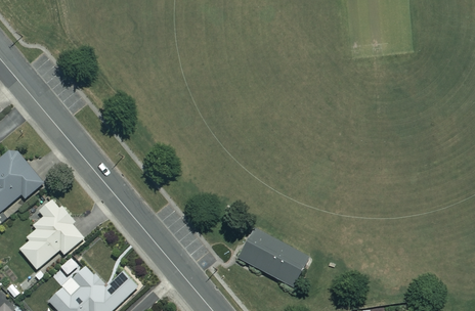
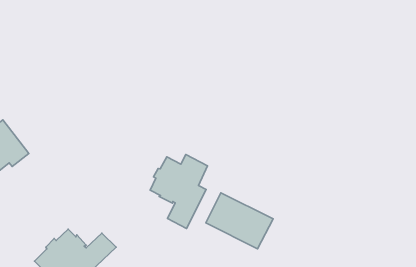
building: none -> [150,155,207,229]
building: [19,197,84,268] -> none

